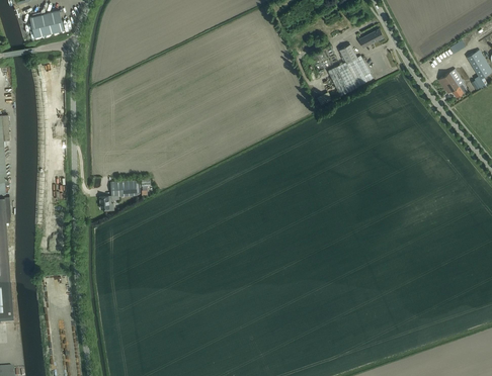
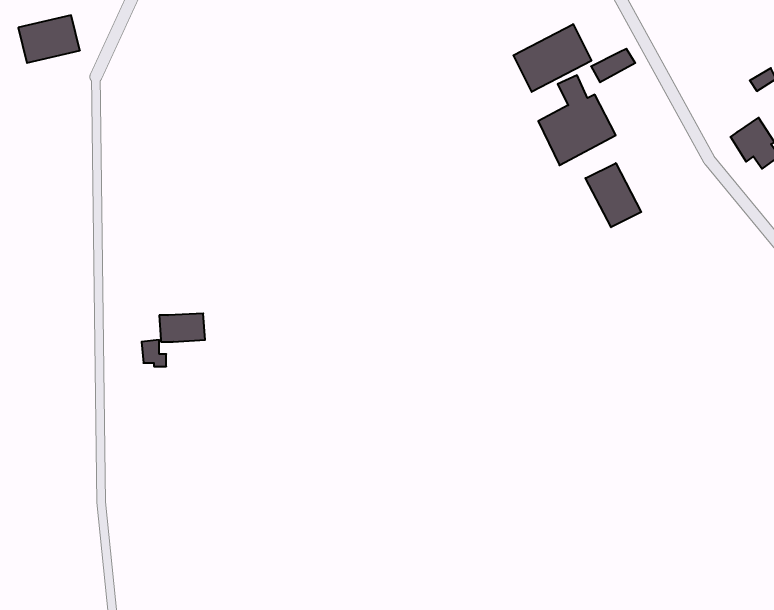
building: none -> [513,24,591,92]
building: none -> [585,163,641,227]

